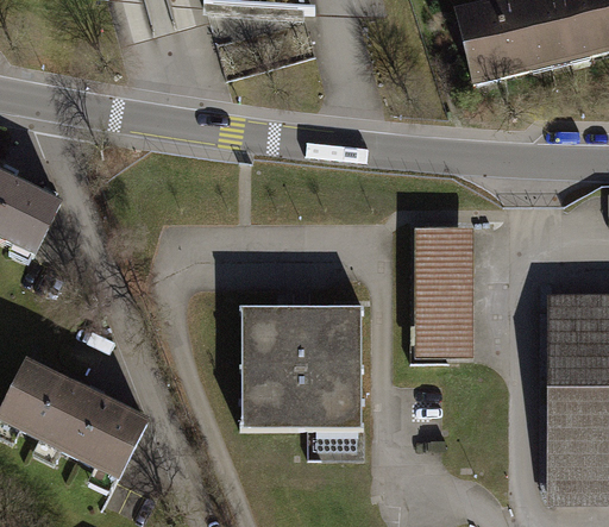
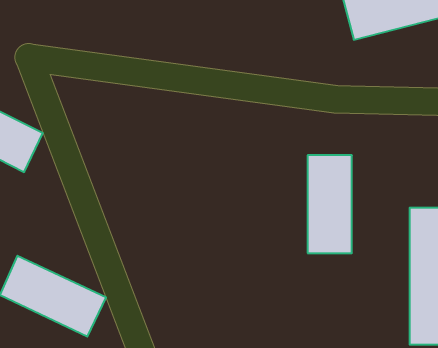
building: [239,307,363,428] -> none

